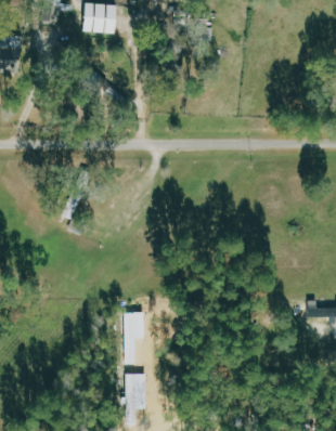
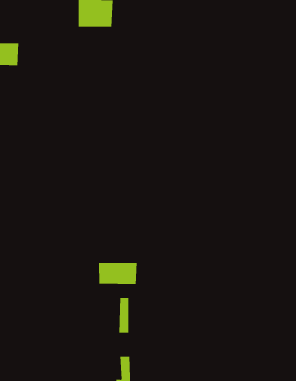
building: none -> [99,262,137,285]

